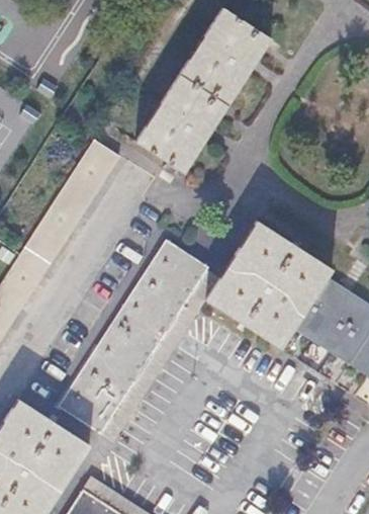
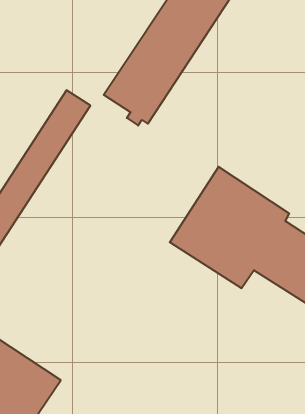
building: [61,239,208,434] -> none

